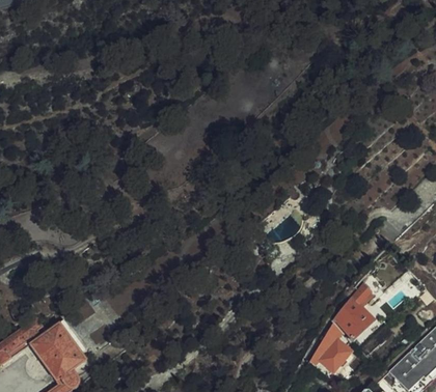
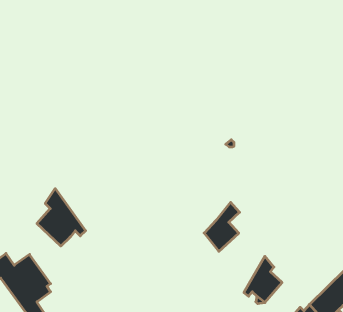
building: none -> [37,189,86,246]
building: [334,282,375,338] -> [204,202,240,251]

